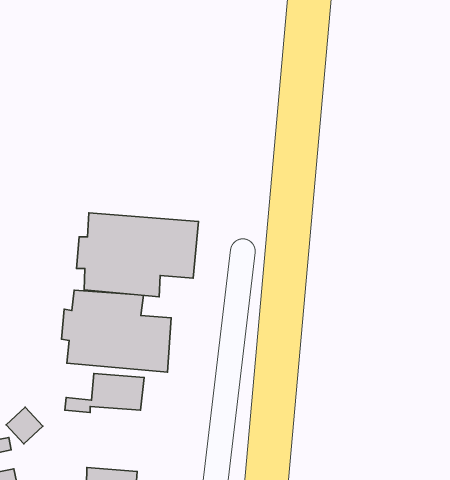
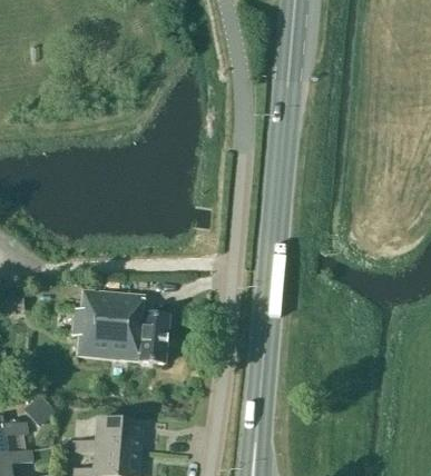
building: [77,213,199,297] -> none
building: [65,374,144,413] -> [72,418,143,453]

